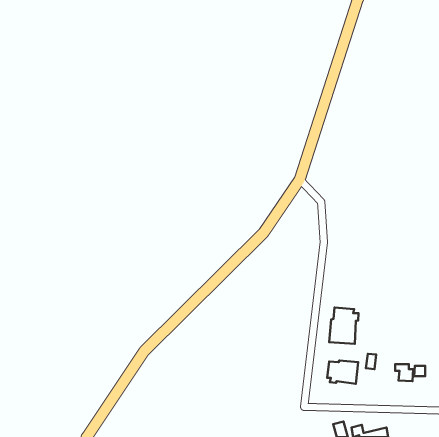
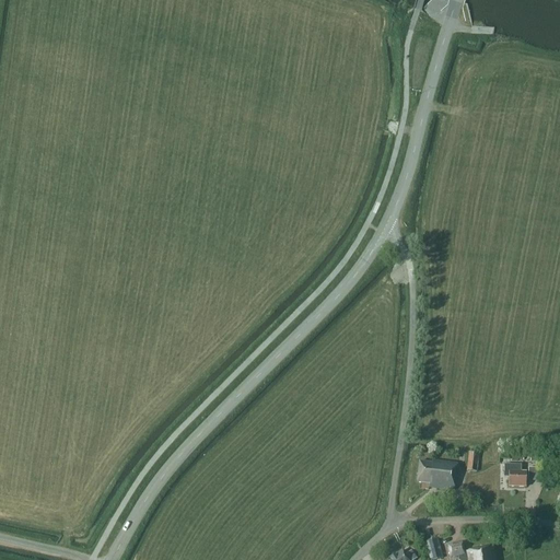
building: [329,308,358,344] -> none

